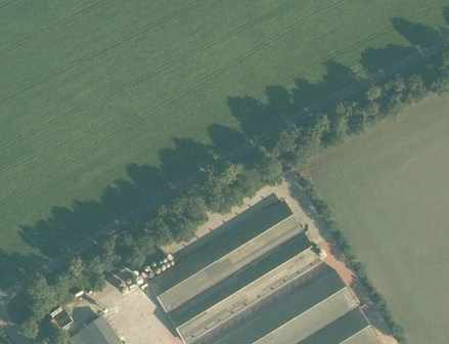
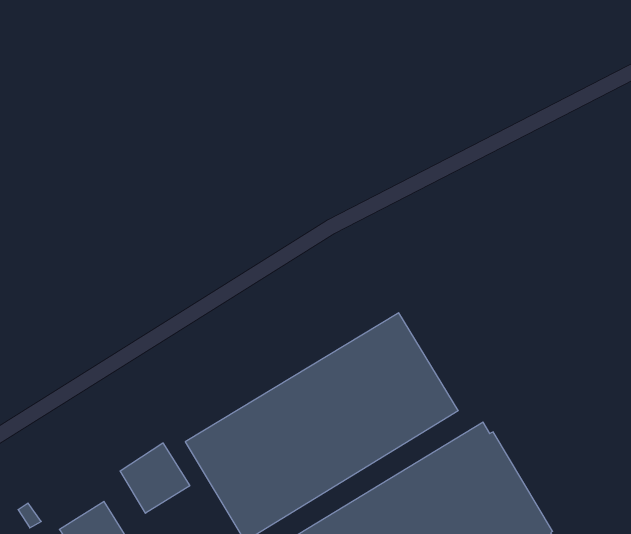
building: none -> [120,443,190,513]

